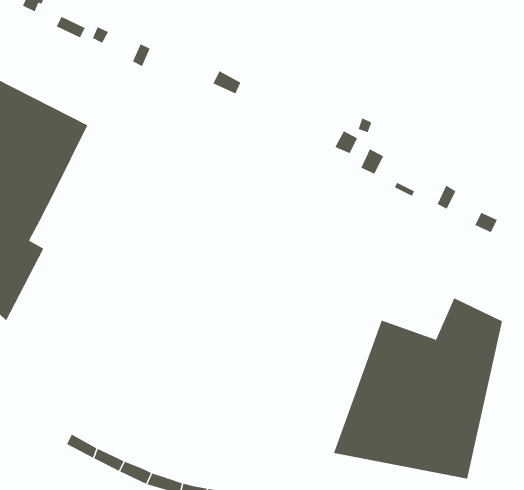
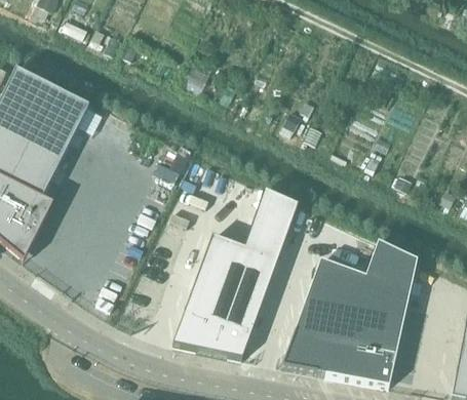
building: none -> [173,189,298,356]

